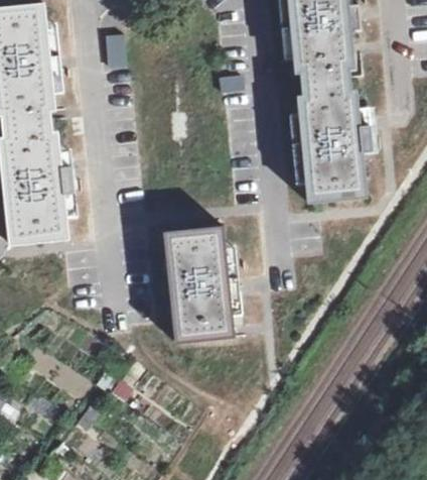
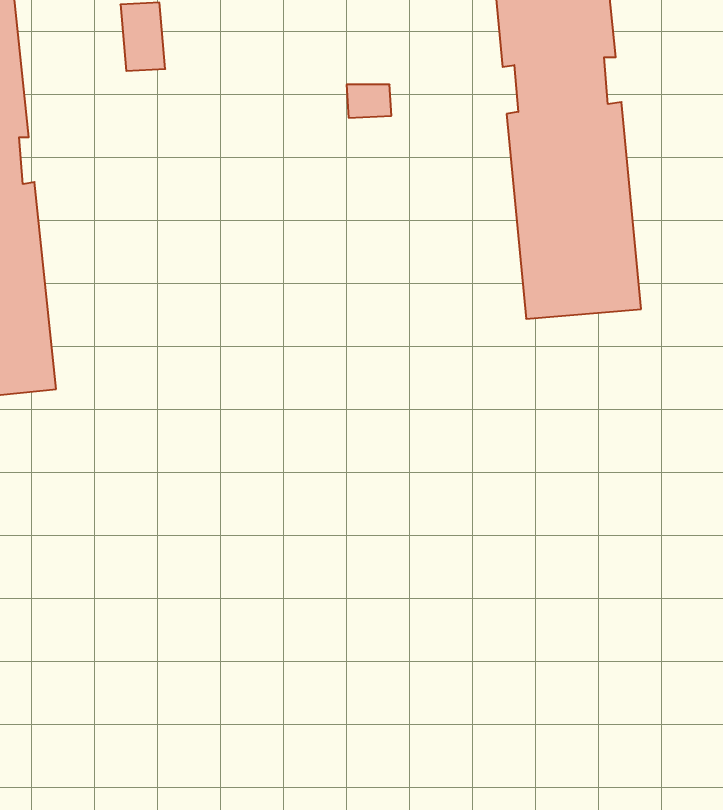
building: [164,225,232,341] -> none

